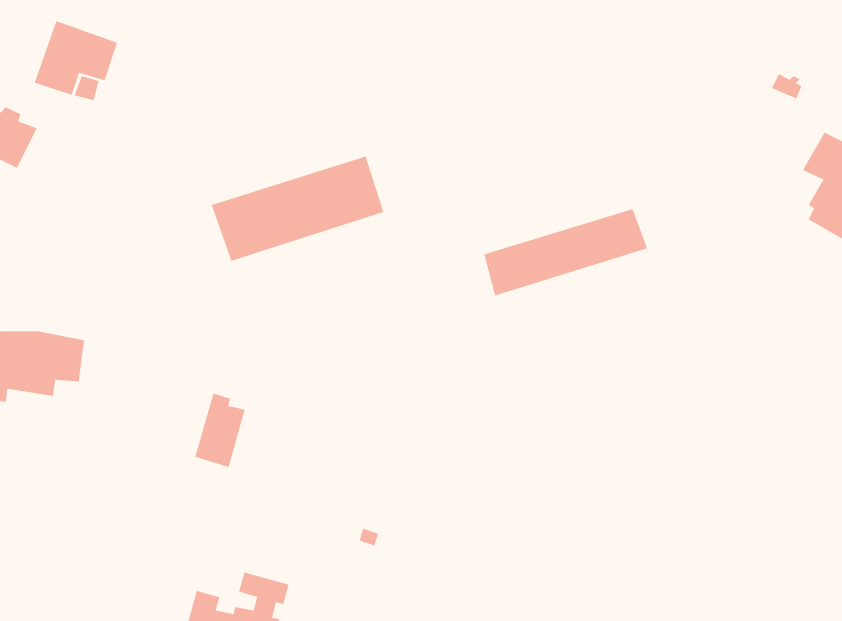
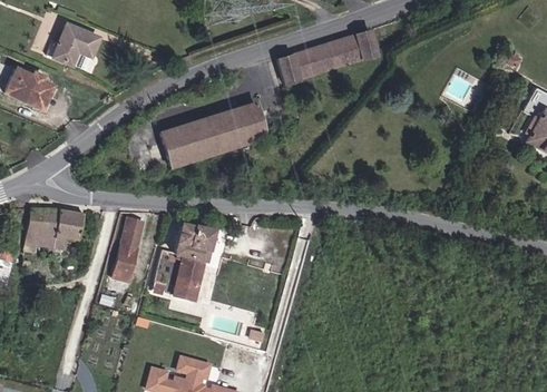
building: [484,208,648,296] -> [279,30,379,84]
building: none -> [111,216,144,282]
building: none -> [172,222,212,298]

